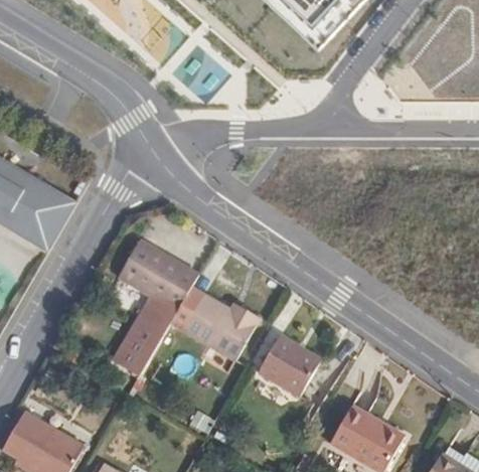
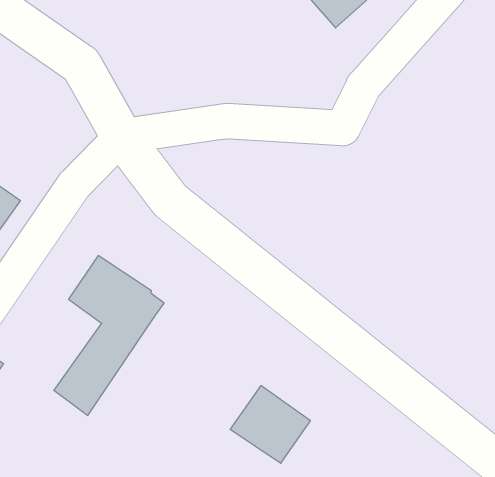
building: [169,288,259,361] -> none

